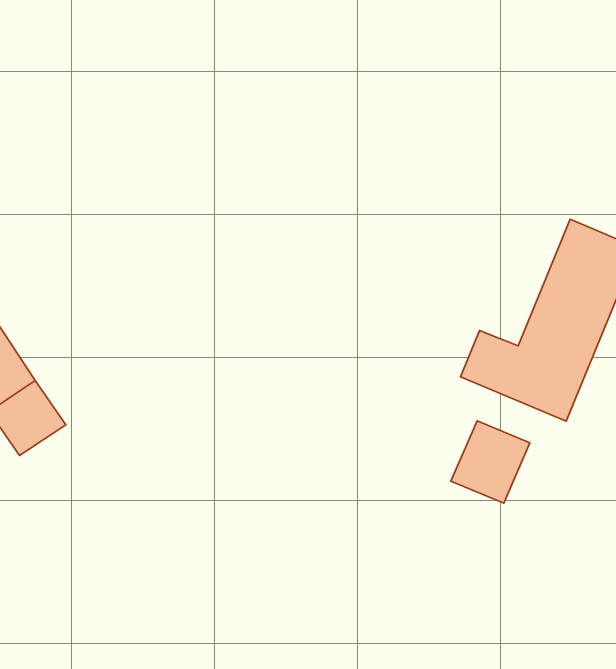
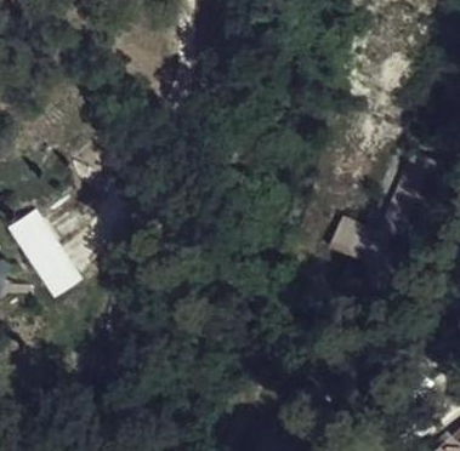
building: [451,421,530,503] -> none

